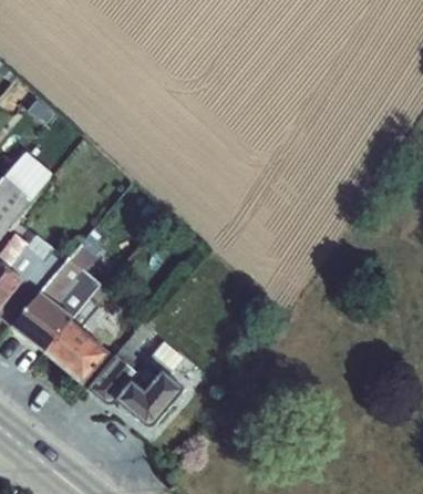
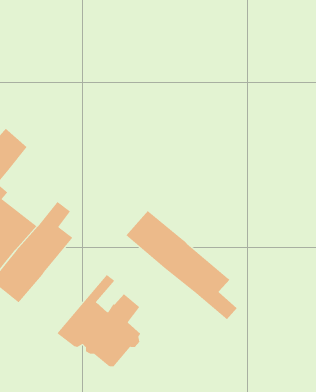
building: none -> [126,210,237,320]
building: [42,278,111,383] -> none

